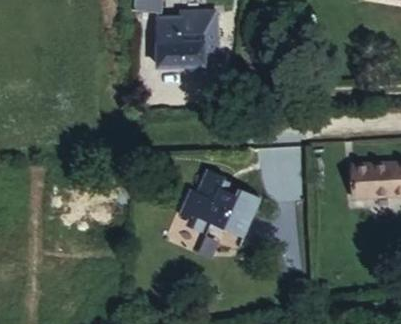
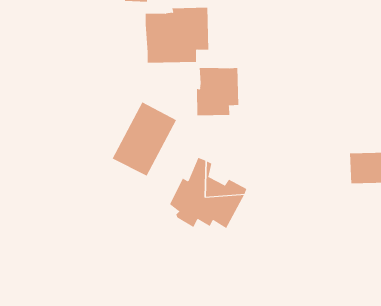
building: none -> [196,67,239,116]
building: none -> [112,102,177,177]

